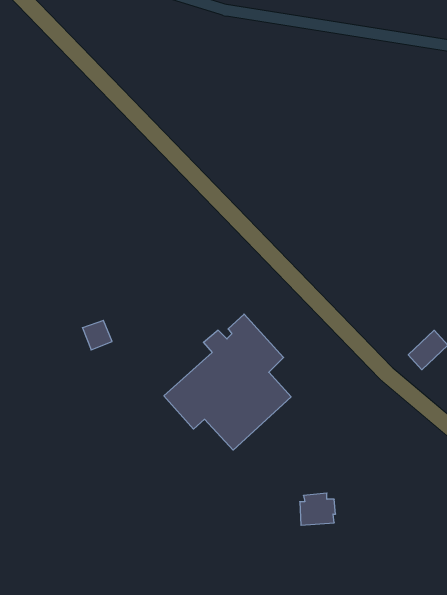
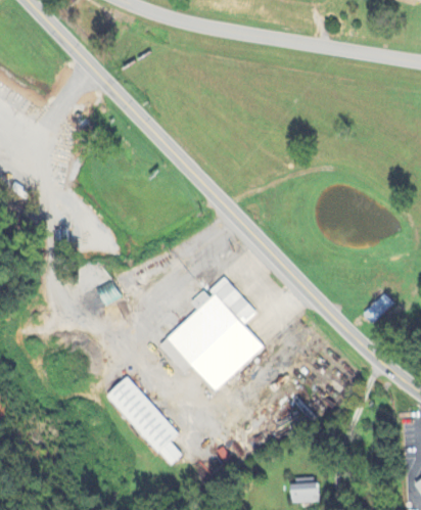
building: none -> [105,376,182,464]
building: [300,493,336,525] -> [291,476,321,503]

